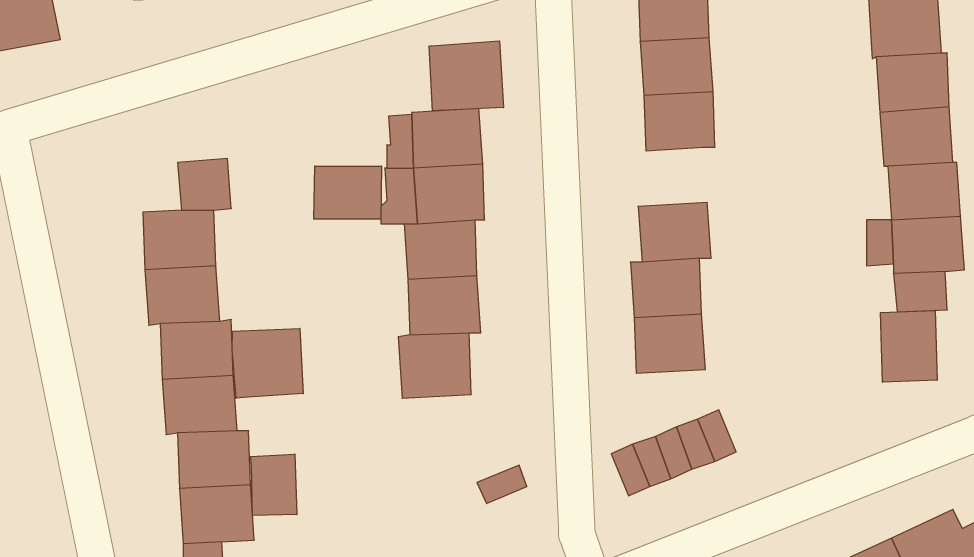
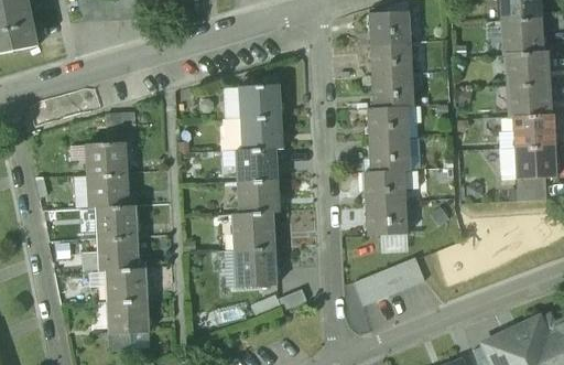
building: [429,41,503,111] -> none
building: none -> [368,106,409,140]
building: [314,166,382,219] -> none
building: [881,310,937,382] -> none
building: [232,328,303,398] -> none
building: none -> [234,248,275,286]
building: [251,454,297,516] -> none

